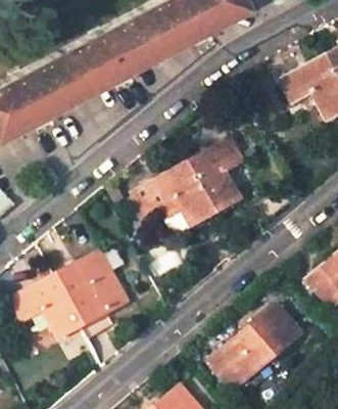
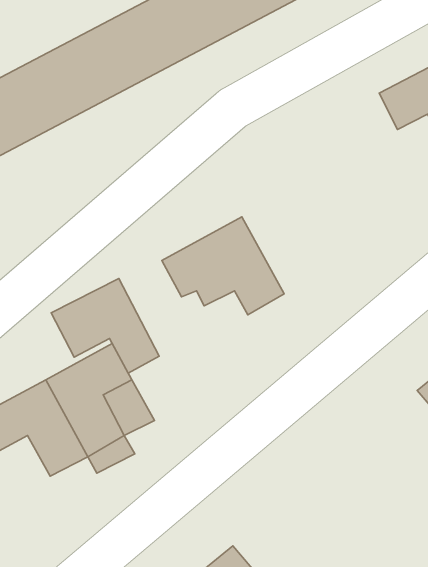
building: [187,139,245,216] -> none
building: none -> [51,278,159,373]
building: [208,308,298,392] -> none

